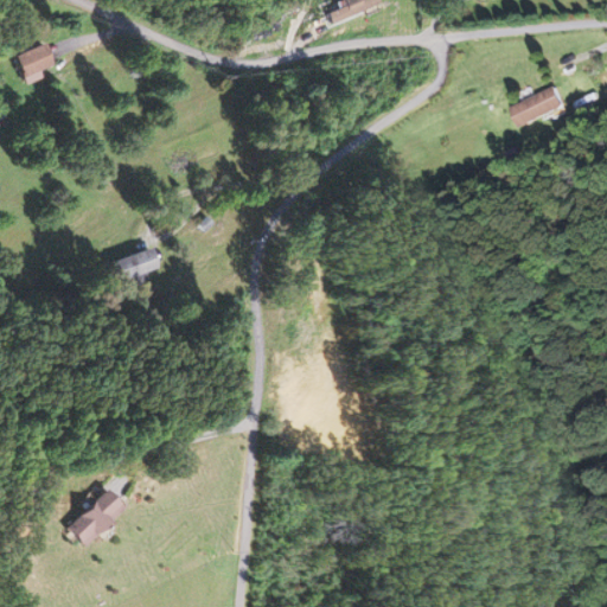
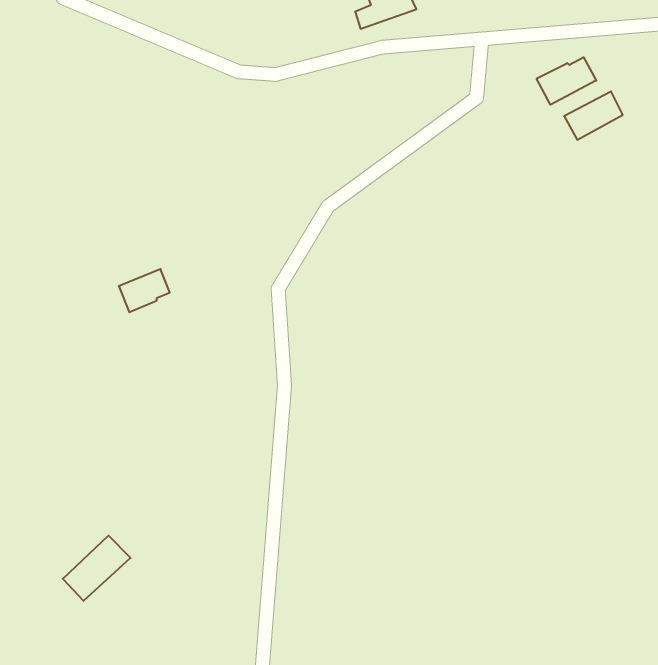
building: [13,38,56,79] -> none
building: none -> [537,57,596,105]

